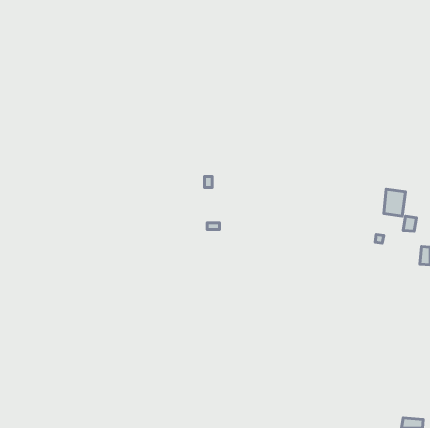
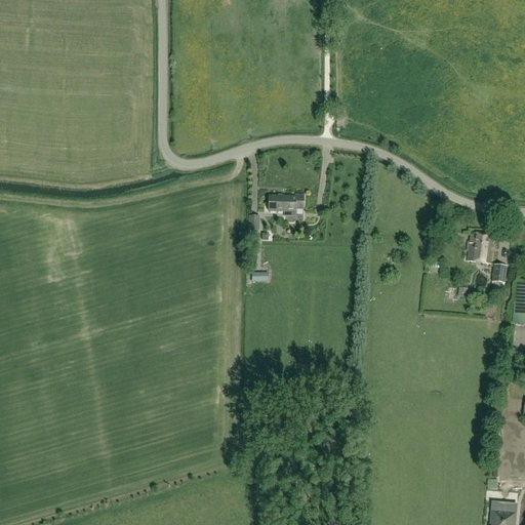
building: none -> [269,194,304,214]

